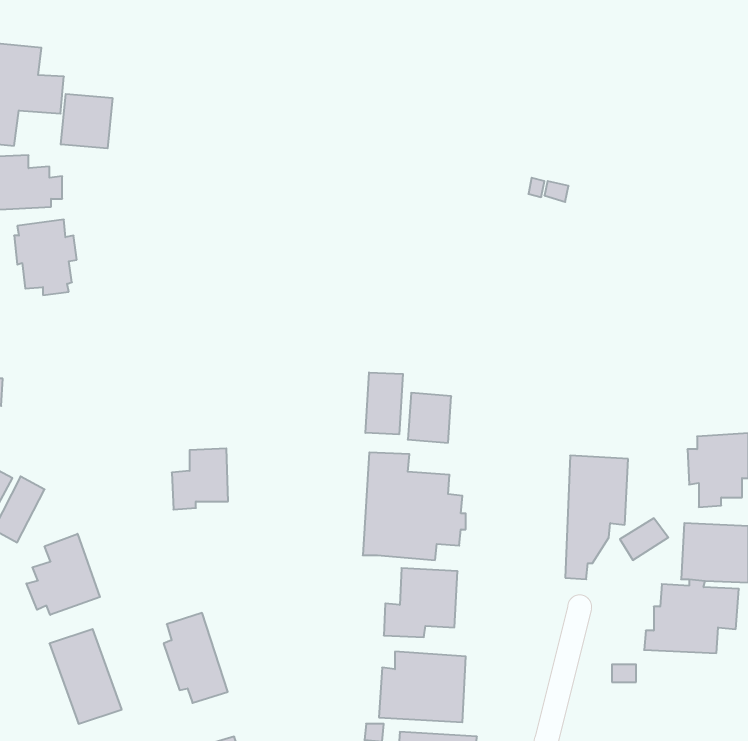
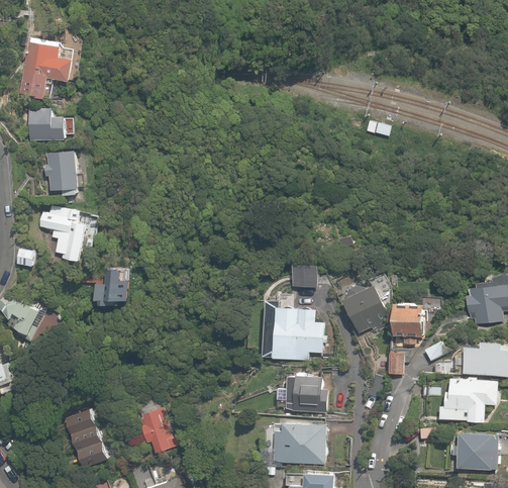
building: [61,94,112,148] -> none
building: none -> [38,212,84,265]
building: [365,372,403,434] -> none
building: none -> [340,283,390,336]
building: [172,448,228,510] -> [95,265,130,303]
building: [26,534,100,615] -> none
building: none -> [447,432,495,472]

